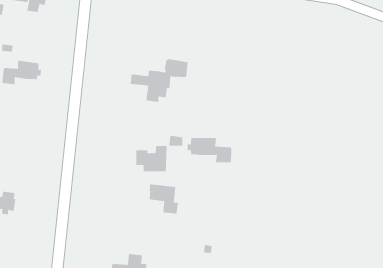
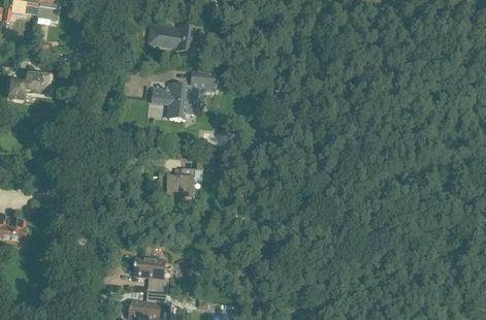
building: none -> [148,24,198,53]
building: [187,137,232,163] -> none
building: [149,184,179,214] -> [134,257,168,291]

